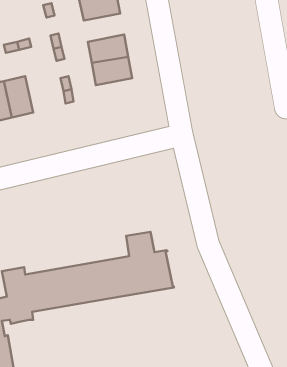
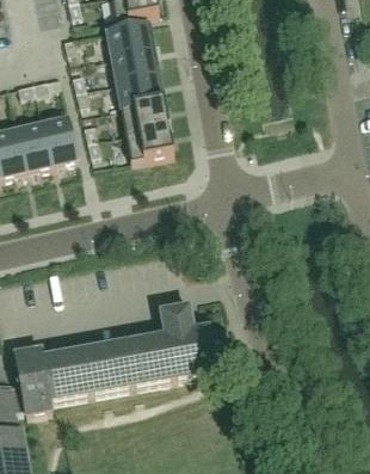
building: none -> [112,50,160,84]
building: none -> [43,118,79,167]
building: none -> [127,127,174,162]

